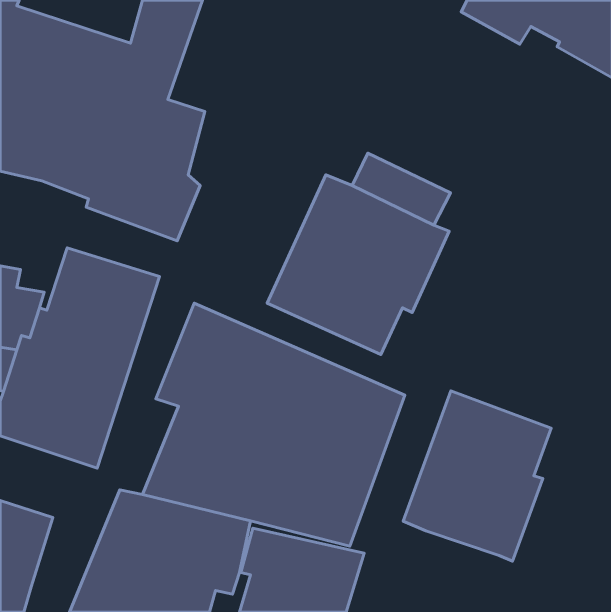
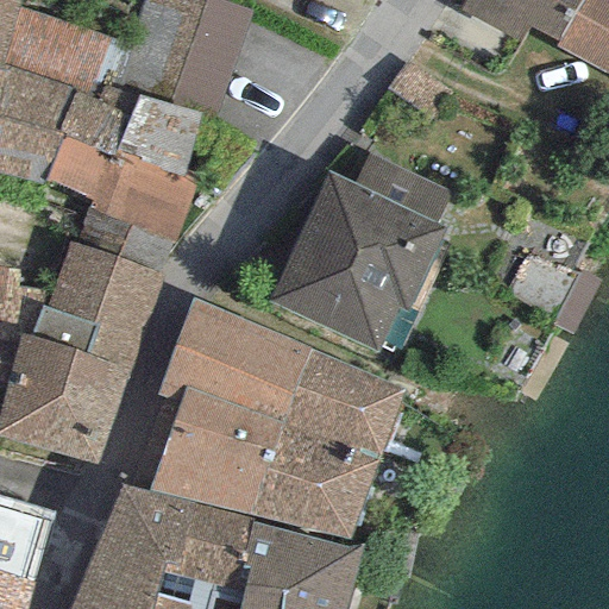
building: [403,391,551,561] -> none

